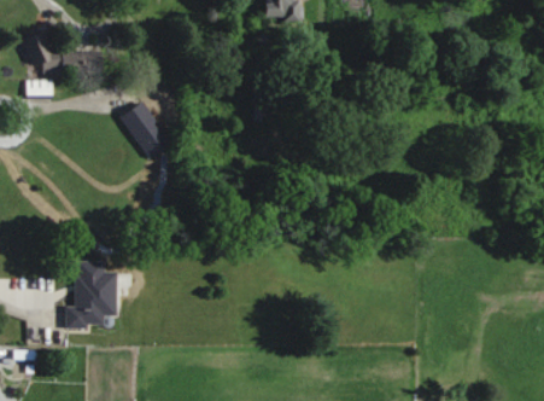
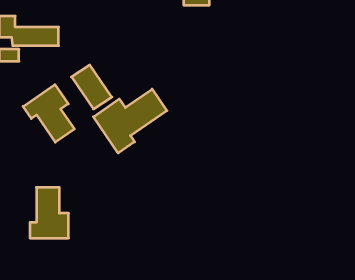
building: none -> [23,85,74,142]
building: none -> [93,89,167,153]

